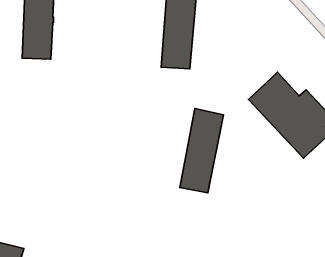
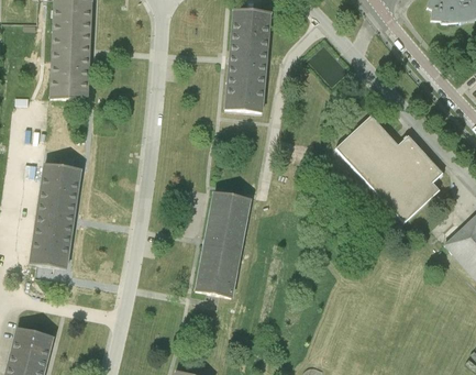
building: [180,109,224,193] -> [196,191,251,297]
building: none -> [30,164,81,268]

